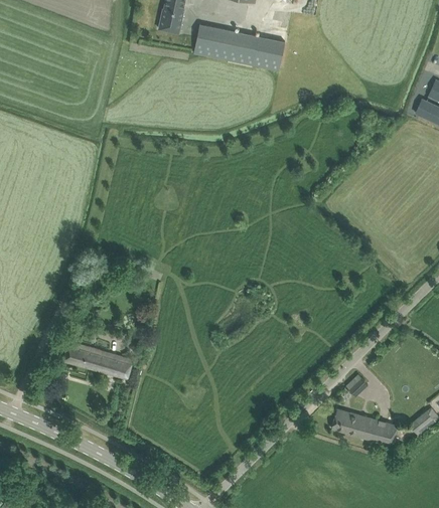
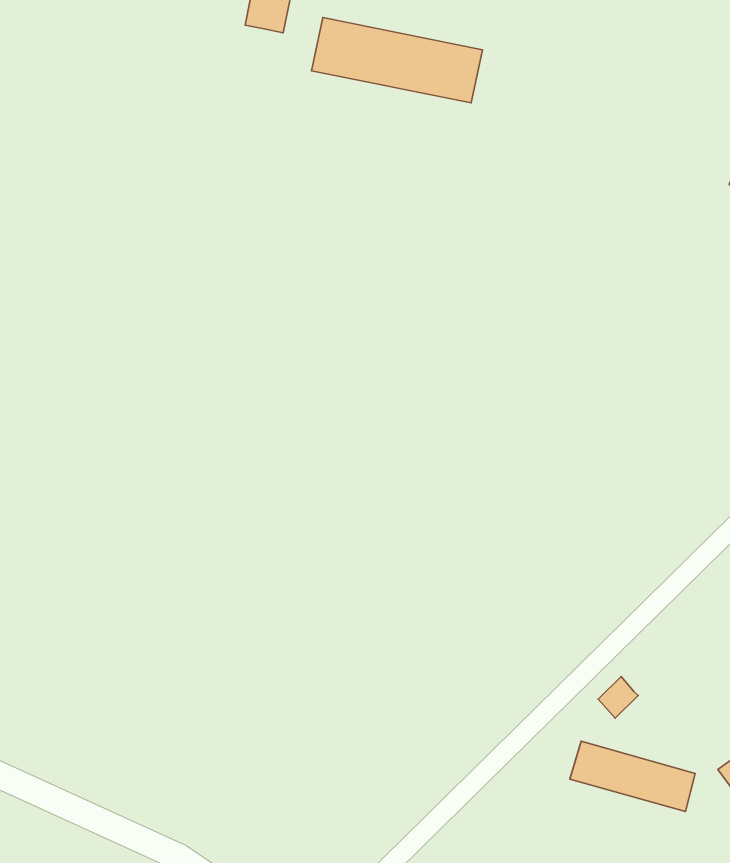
building: [62,341,132,379] -> none

